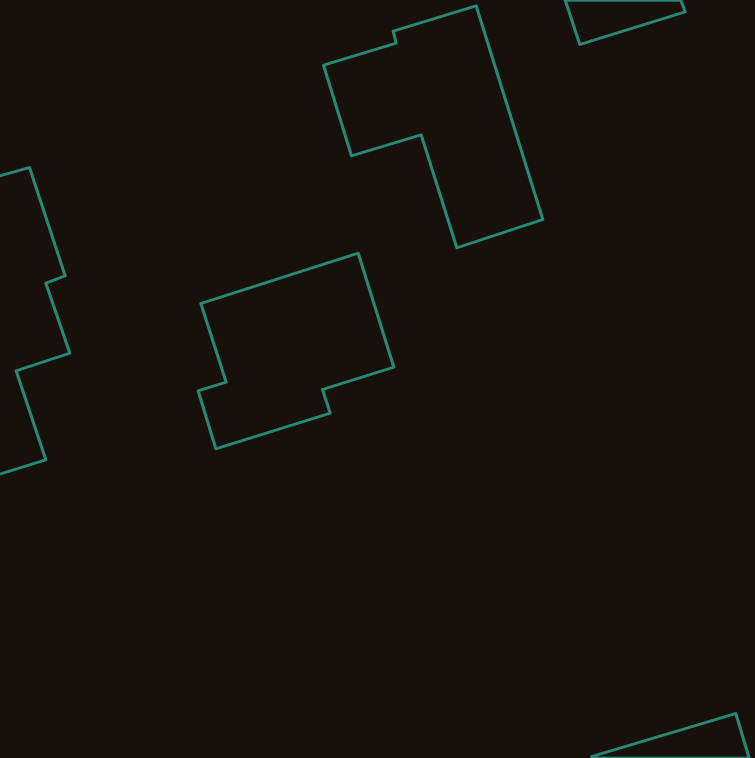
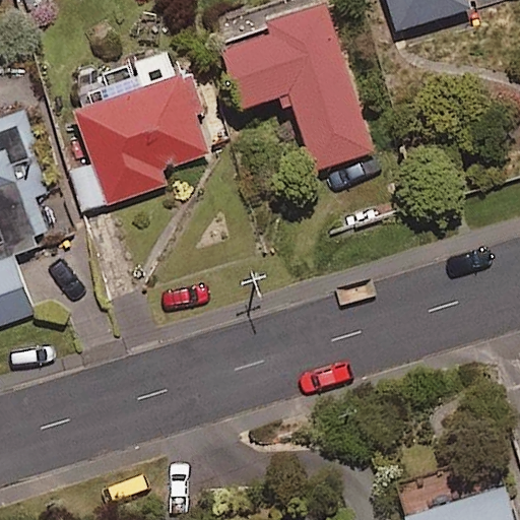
building: [198,253,394,449] -> [73,75,207,209]

